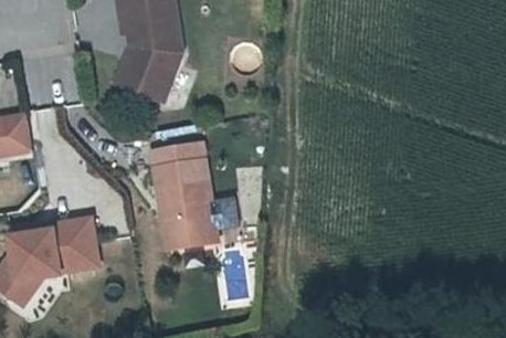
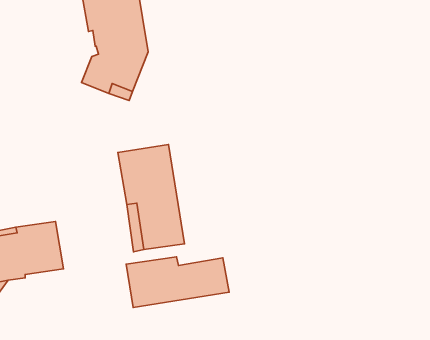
building: none -> [126,257,229,308]

